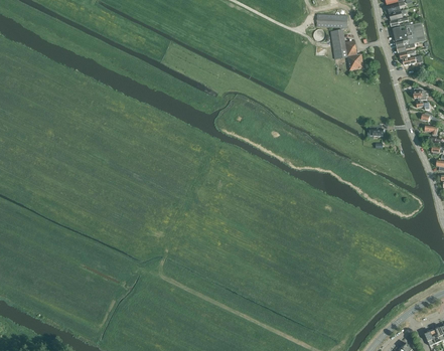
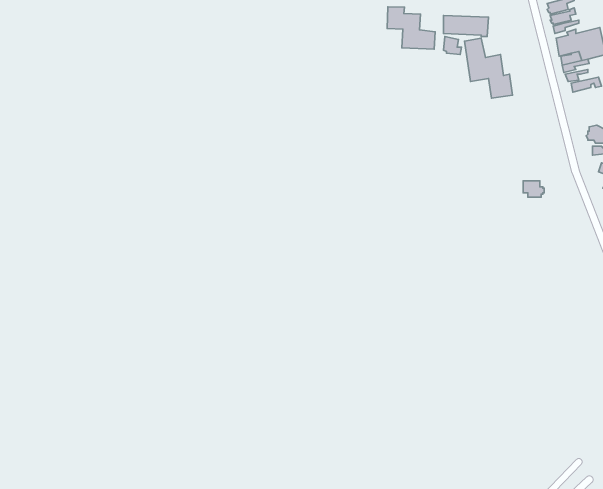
building: none -> [387,7,435,49]

